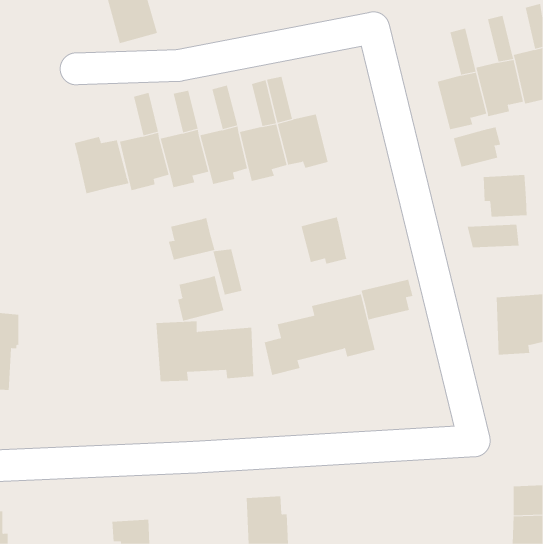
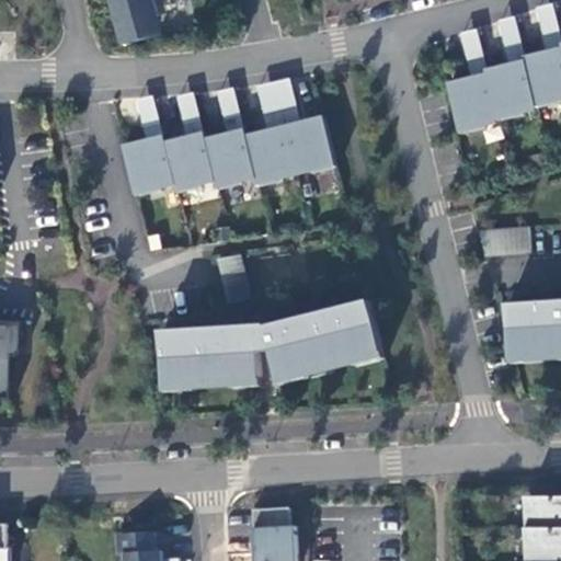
building: [453,126,501,167] -> none
building: [74,136,129,194] -> none
building: [483,174,527,218] -> none
building: [301,217,348,264] -> none
building: [168,217,215,261] -> none
building: [178,275,224,322] -> none
building: [361,279,413,321] -> none

